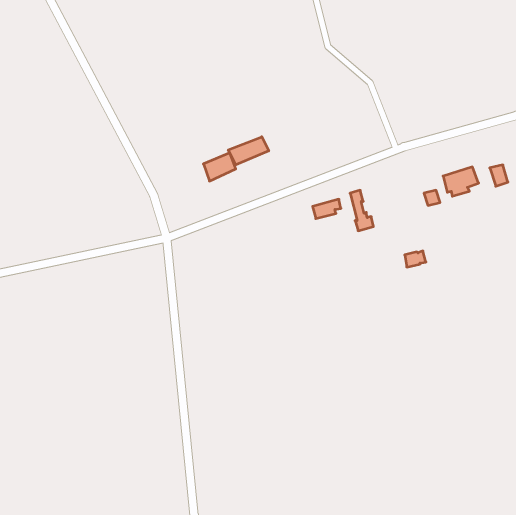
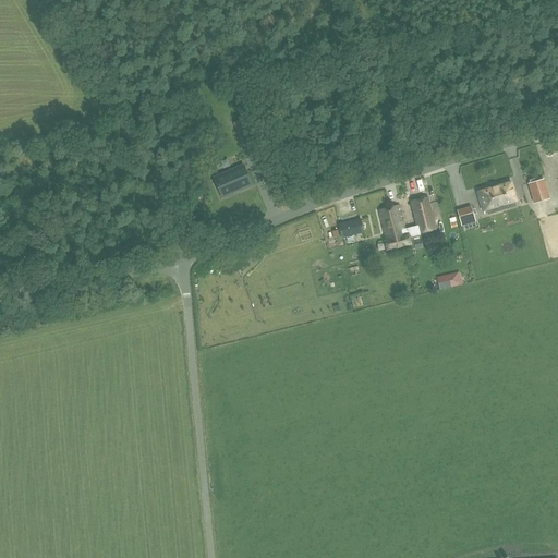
building: [228,137,269,165] -> none
building: none -> [388,195,435,244]

